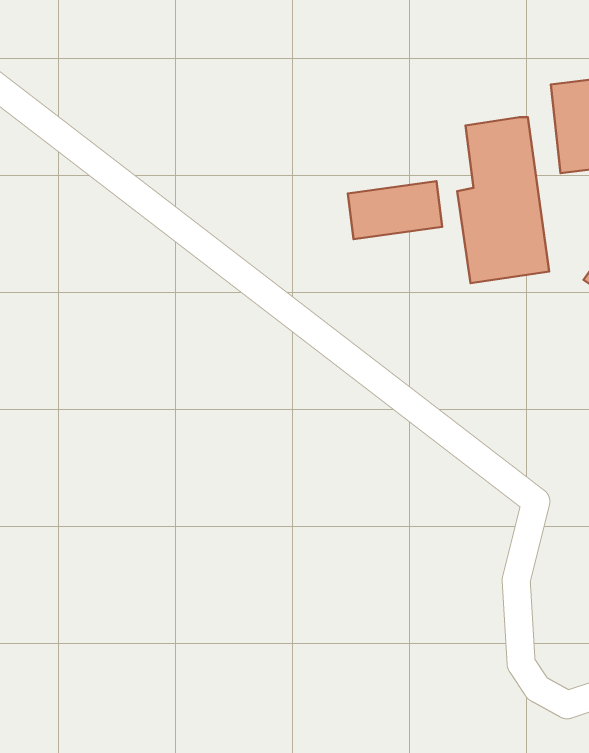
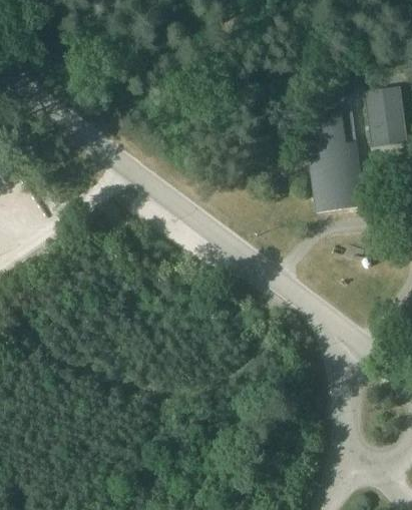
building: [348,181,442,239] -> none

